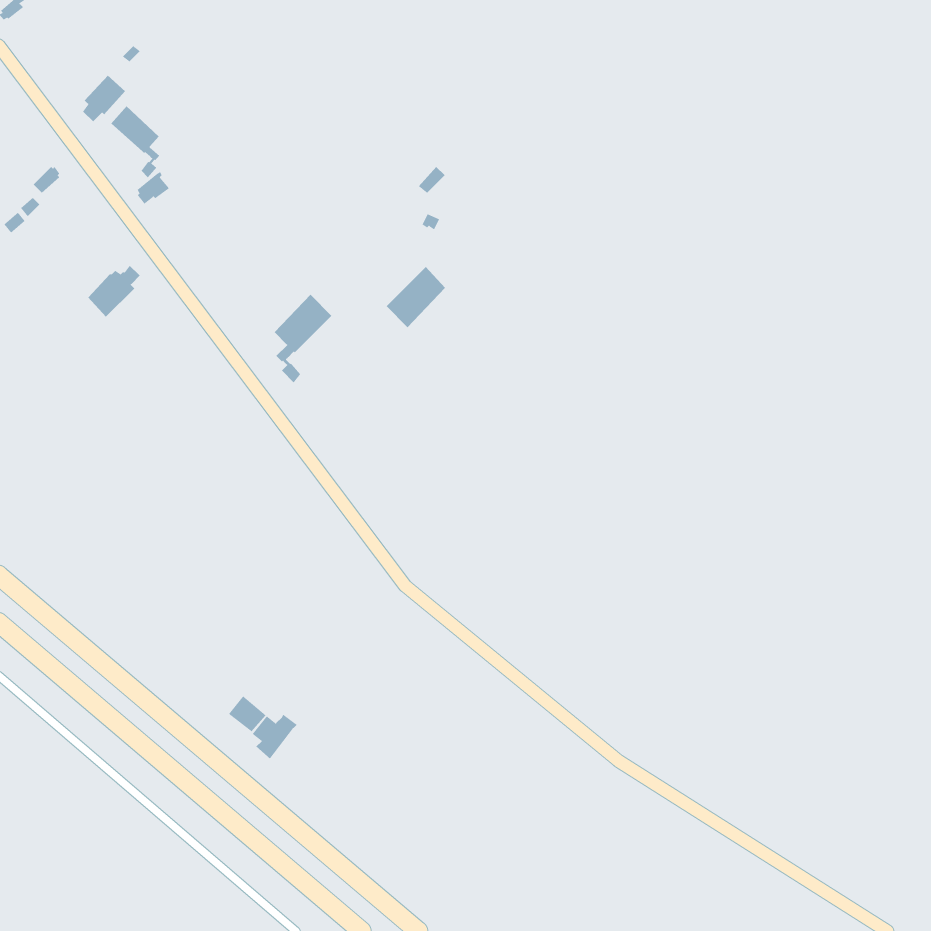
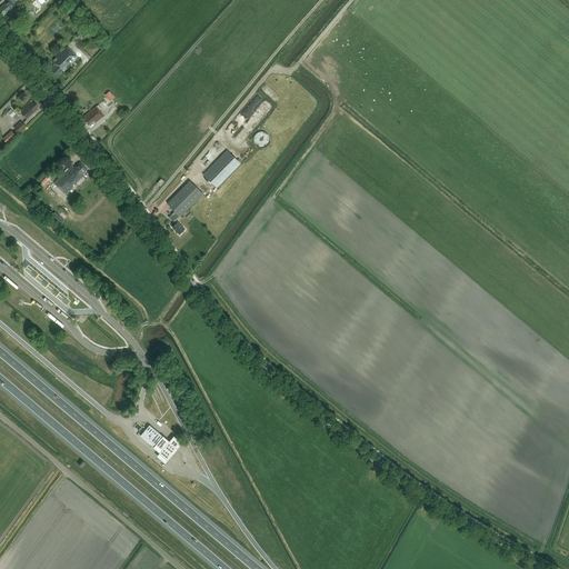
building: [110,106,160,178] -> none
building: [386,266,446,328] -> [202,149,239,187]

